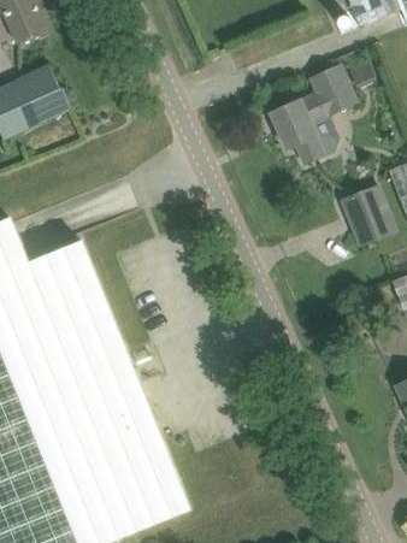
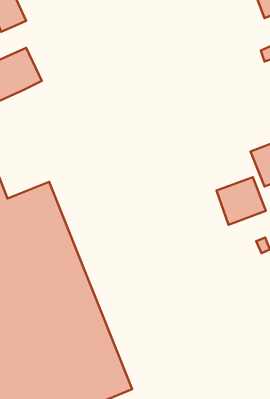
building: [272,64,358,163] -> none
building: none -> [217,177,266,225]

